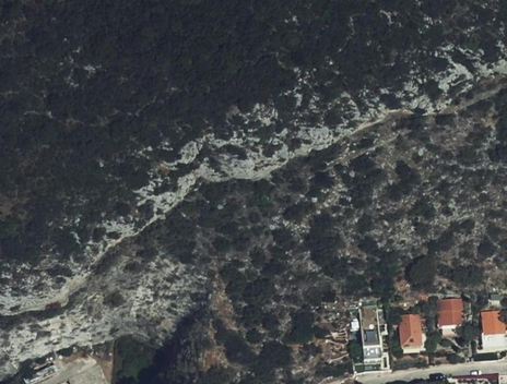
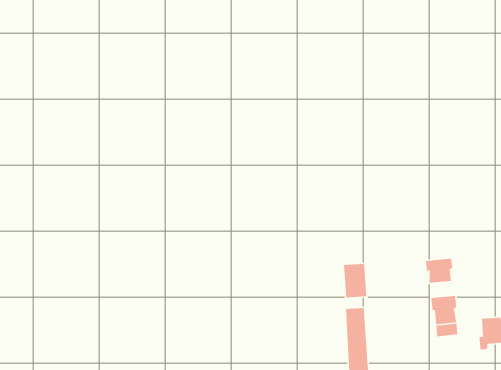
building: none -> [425,258,453,283]
building: [399,315,421,347] -> [343,263,367,298]

